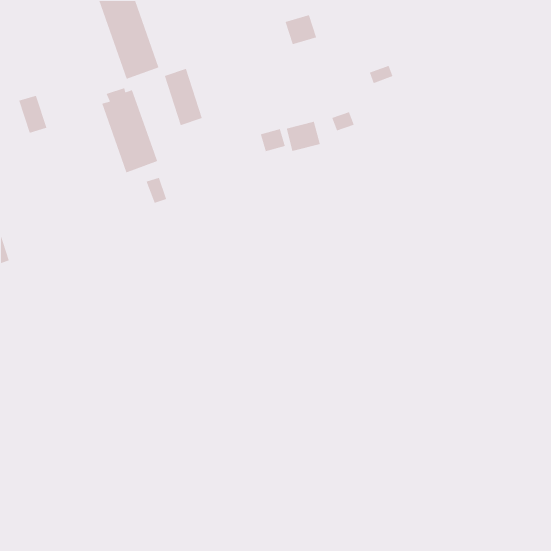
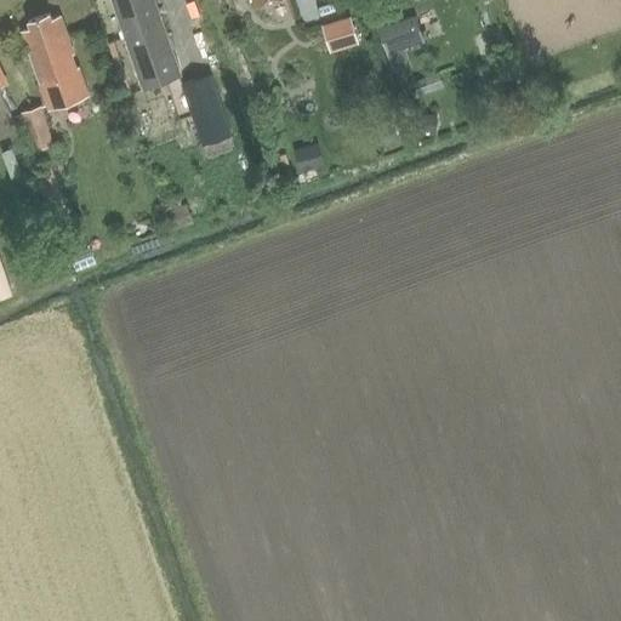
building: none -> [377,16,425,55]
building: [101,87,158,173] -> [24,12,89,109]
building: [286,121,321,152] -> none

